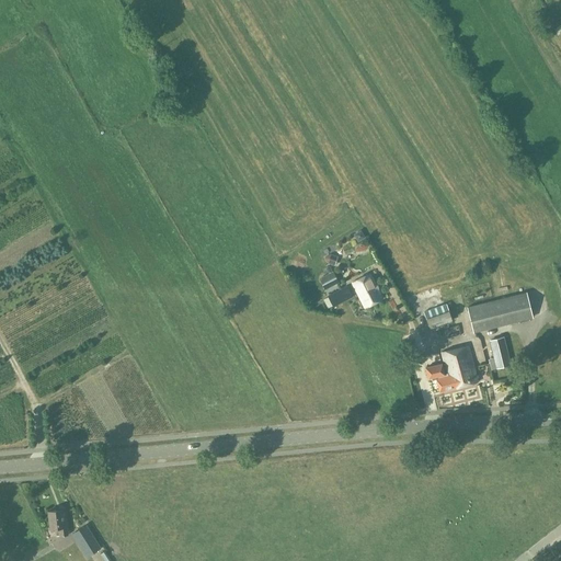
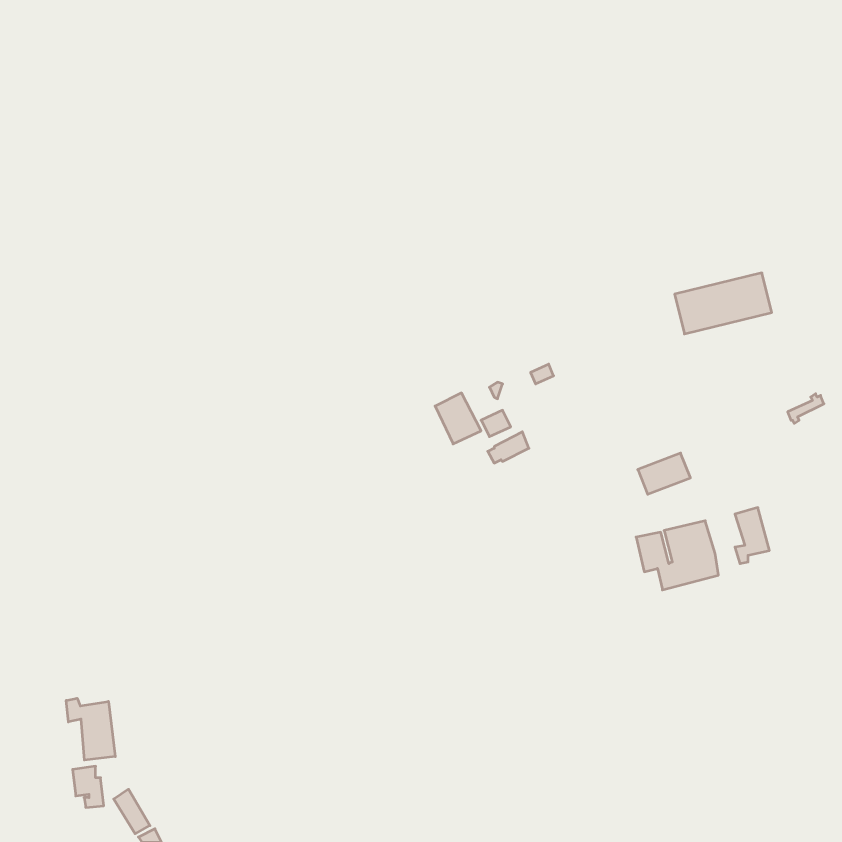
building: [353,274,383,308] -> [435,393,481,444]
building: [468,293,533,333] -> [675,273,772,334]
building: none -> [66,698,115,760]

